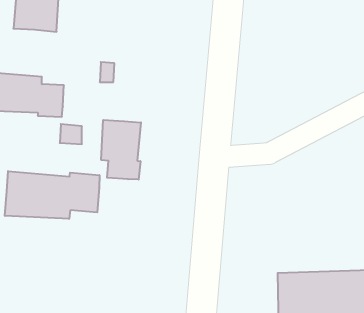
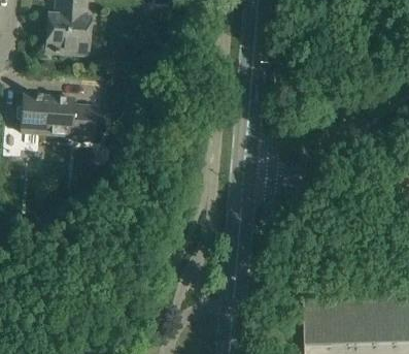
building: [101,120,141,180] -> none
building: [5,171,99,219] -> none

